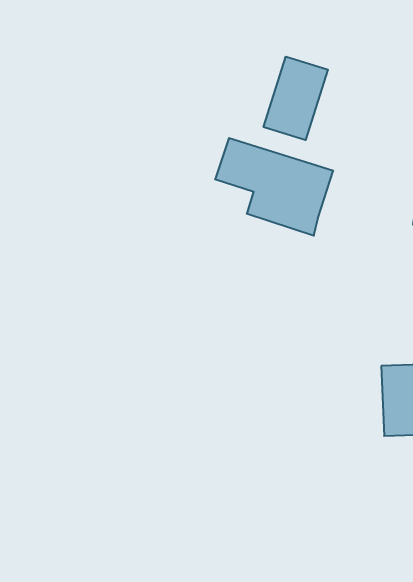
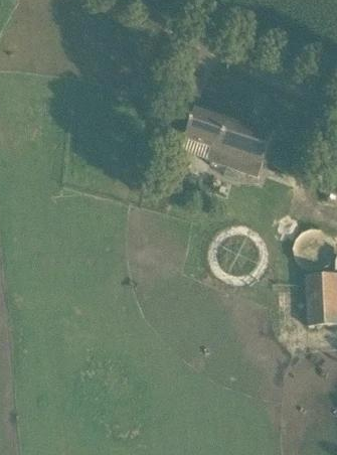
building: [264,57,328,140] -> none

